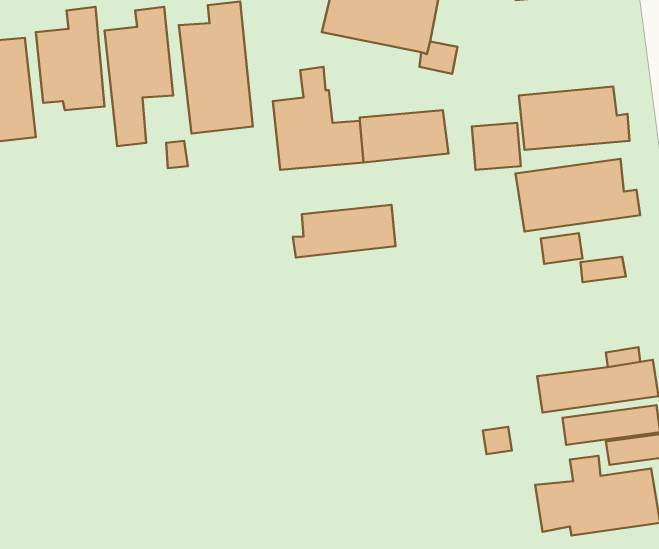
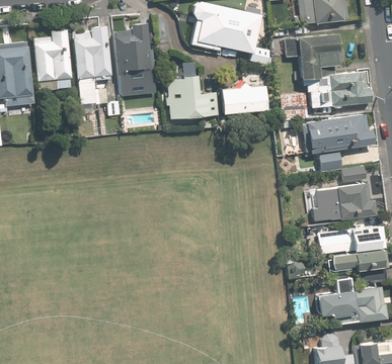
building: none -> [284,33,336,77]
building: [293,205,396,257] -> none
building: none -> [310,183,374,222]

